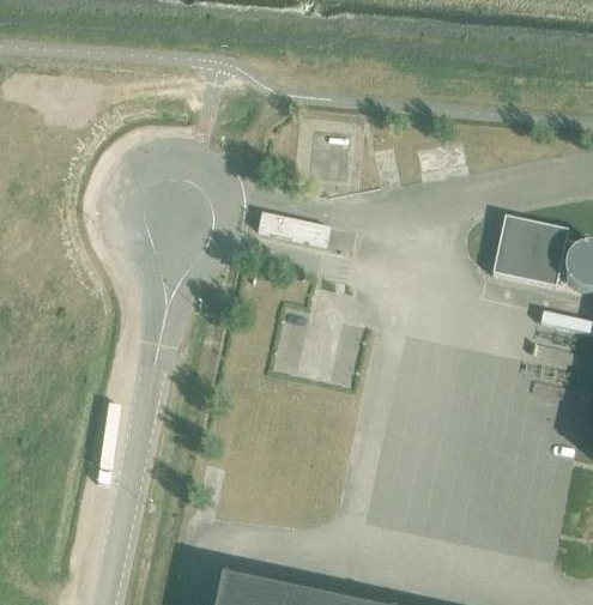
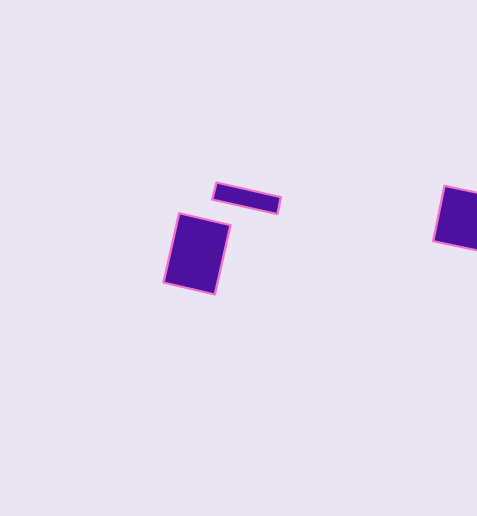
building: none -> [164,213,230,294]

